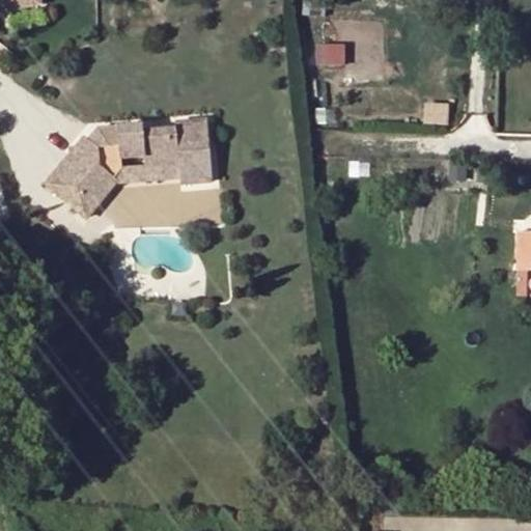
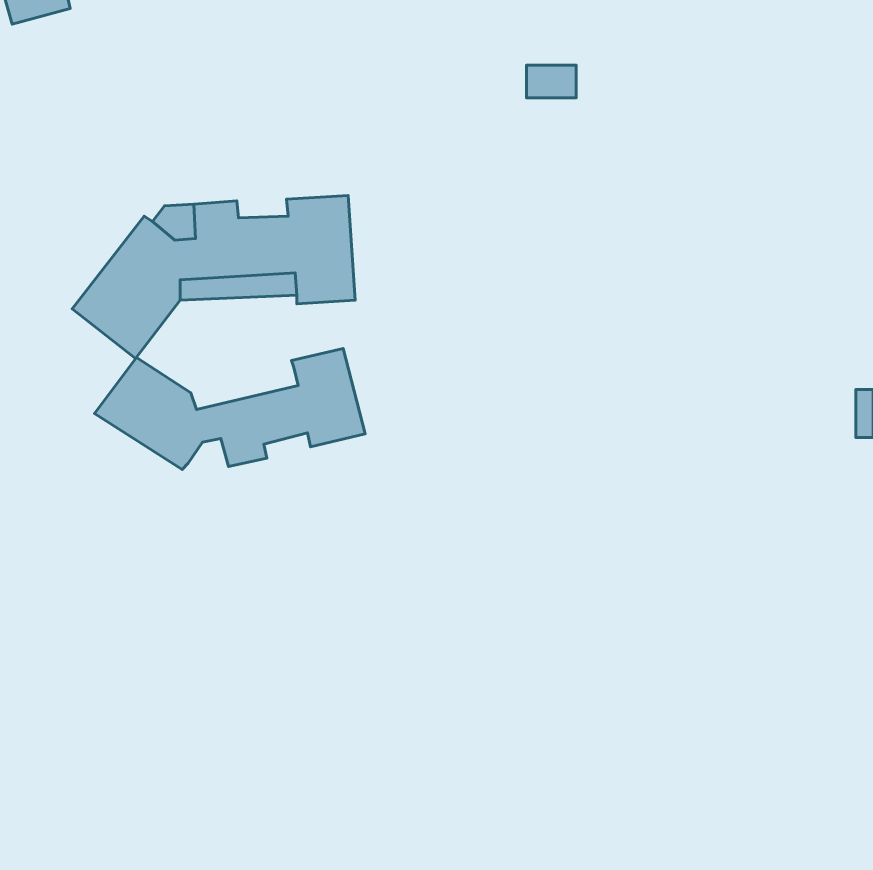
building: none -> [95,348,365,469]

